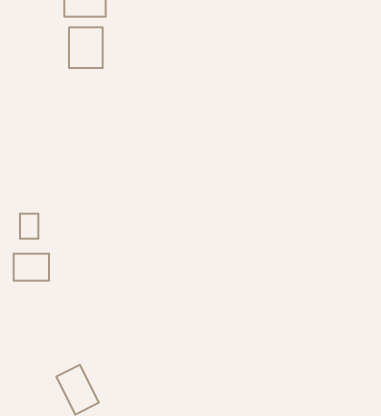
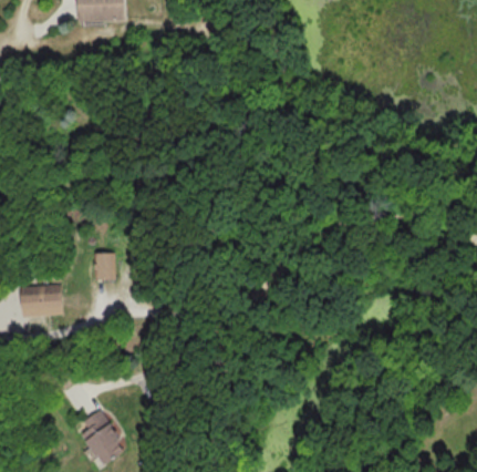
building: [69,27,103,68] -> none
building: [20,214,39,239] -> [95,253,116,280]

